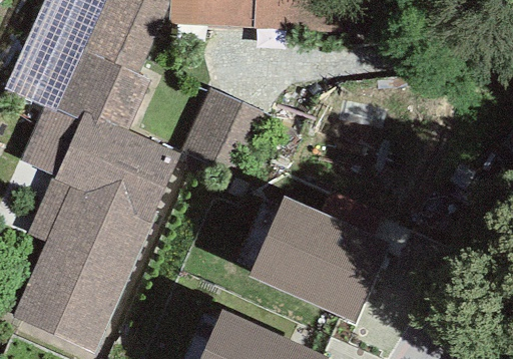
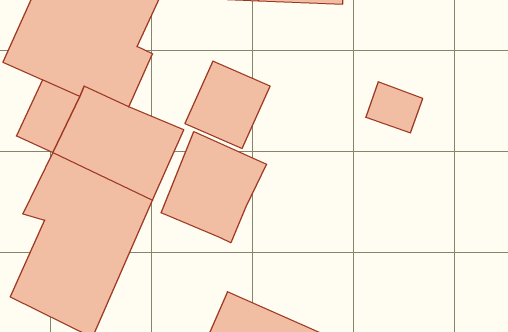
building: none -> [161,132,267,243]
building: [247,198,389,323] -> none

